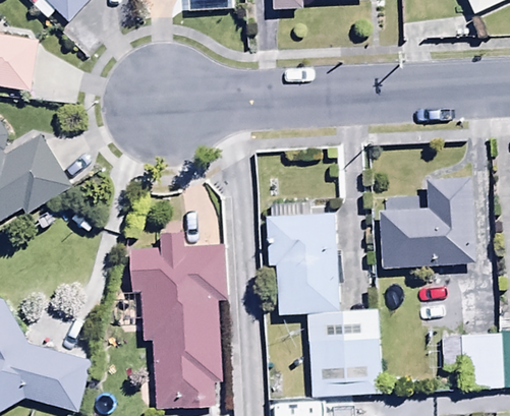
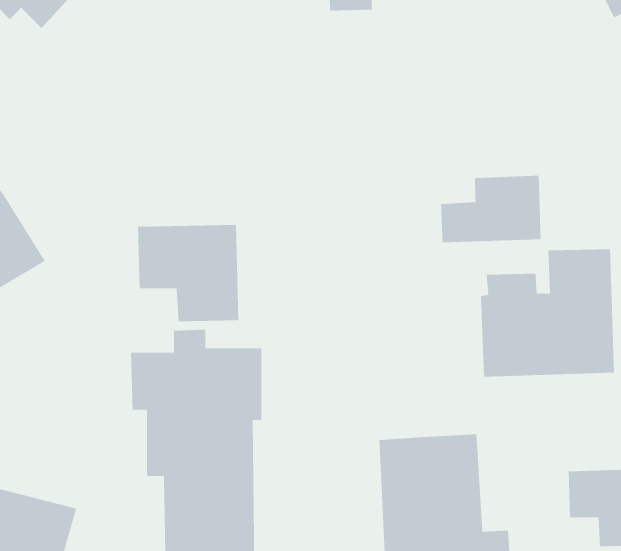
building: none -> [440,175,542,243]
building: none -> [137,224,239,322]
building: [268,204,339,313] -> none

